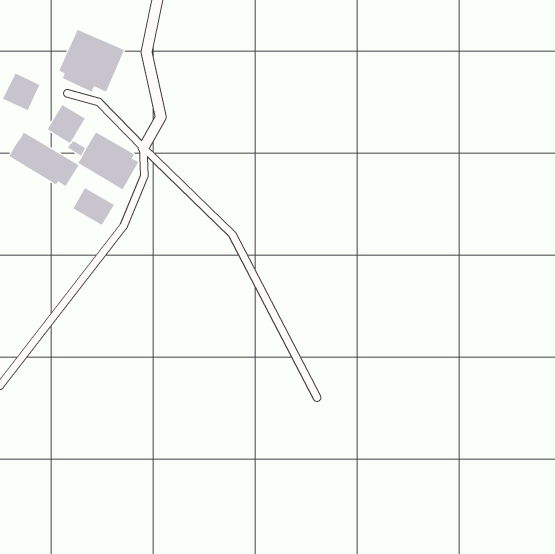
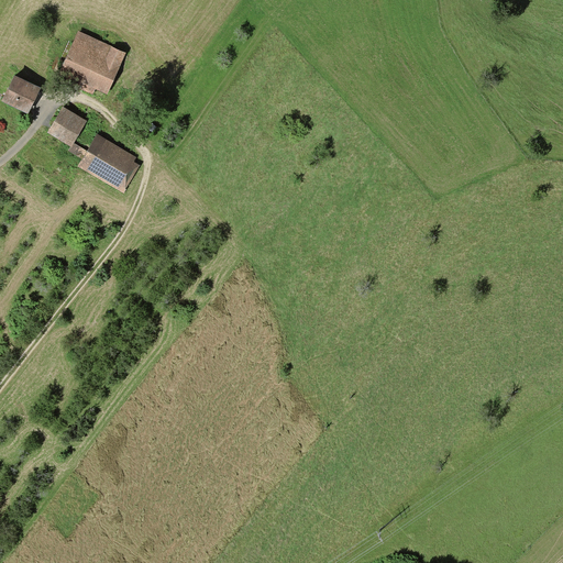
building: [9,131,79,187] -> none
building: [73,188,115,226] -> none

